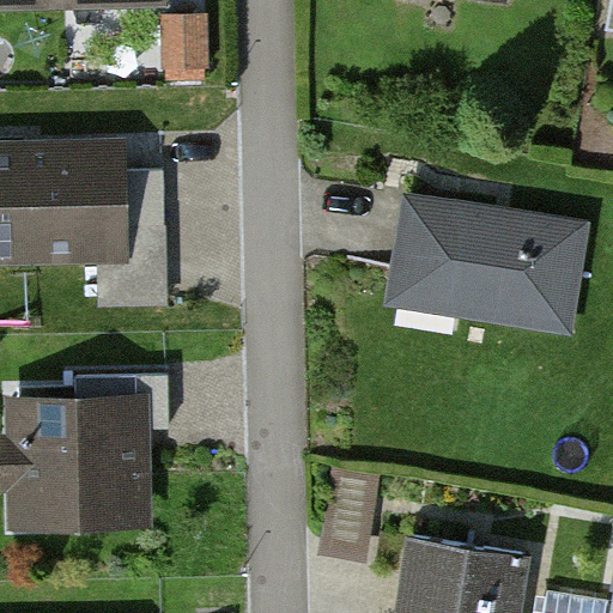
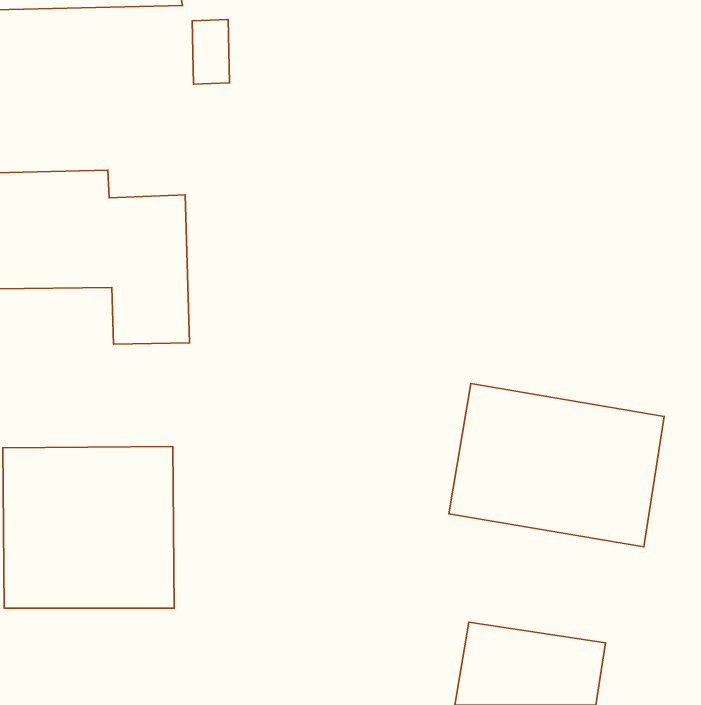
building: [394,194,588,323] -> none
building: none -> [449,384,664,547]

